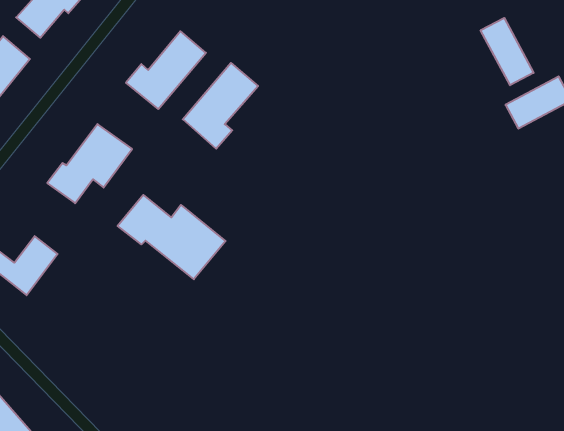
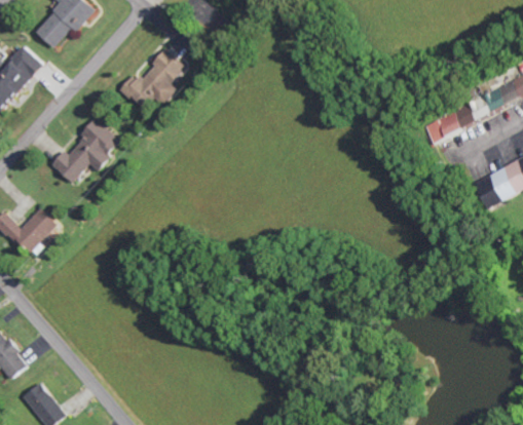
building: [481,18,534,85] -> none
building: [183,63,258,149] -> none
building: [118,195,226,279] -> none

